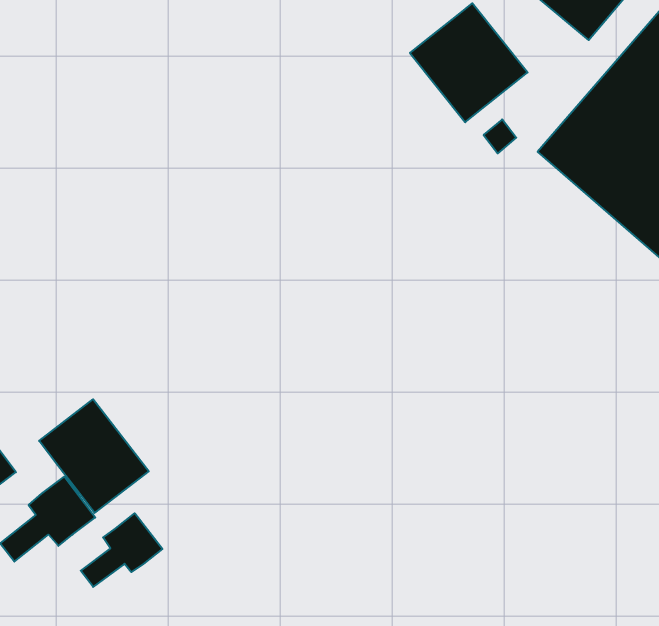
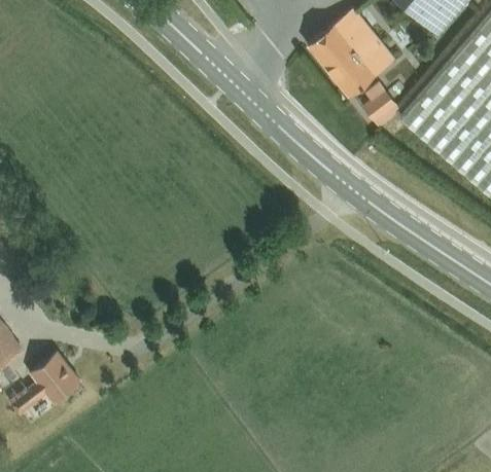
building: [39,399,149,513] -> none
building: [81,513,162,587] -> none

